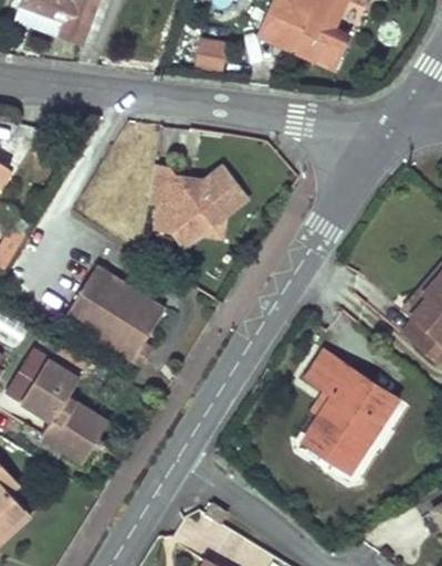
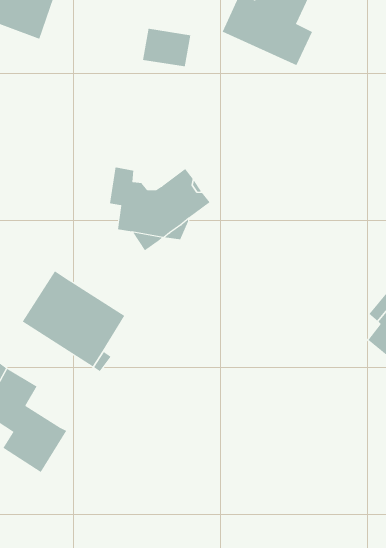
building: [302,348,400,473] -> none

